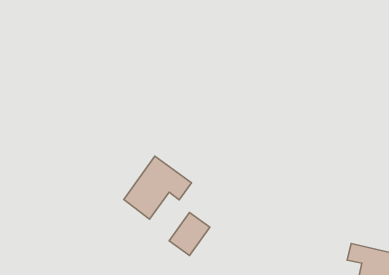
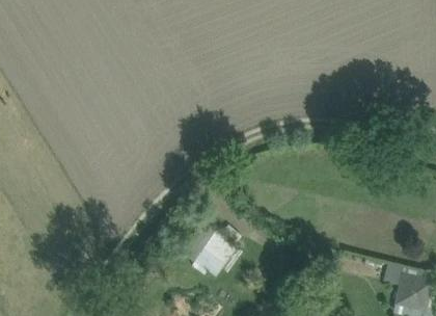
building: [124,156,192,219] -> none

